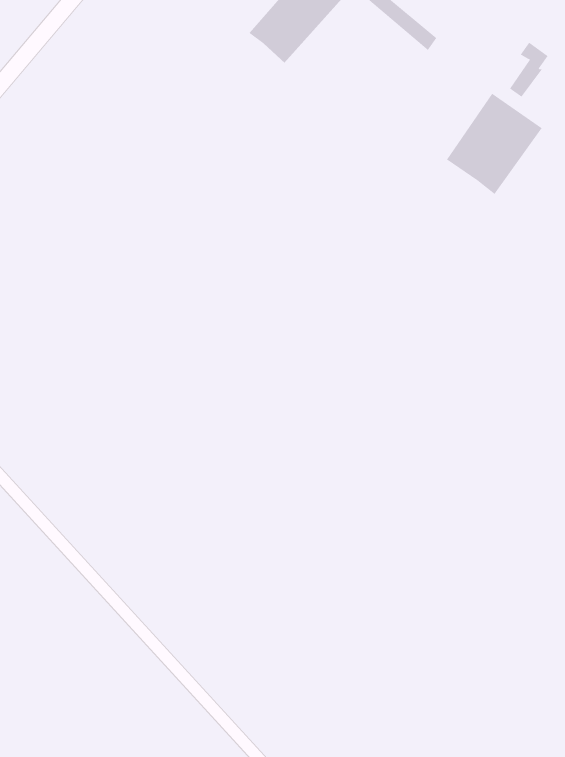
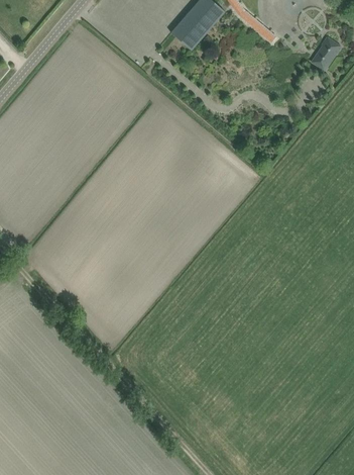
building: [446,93,542,195] -> none

